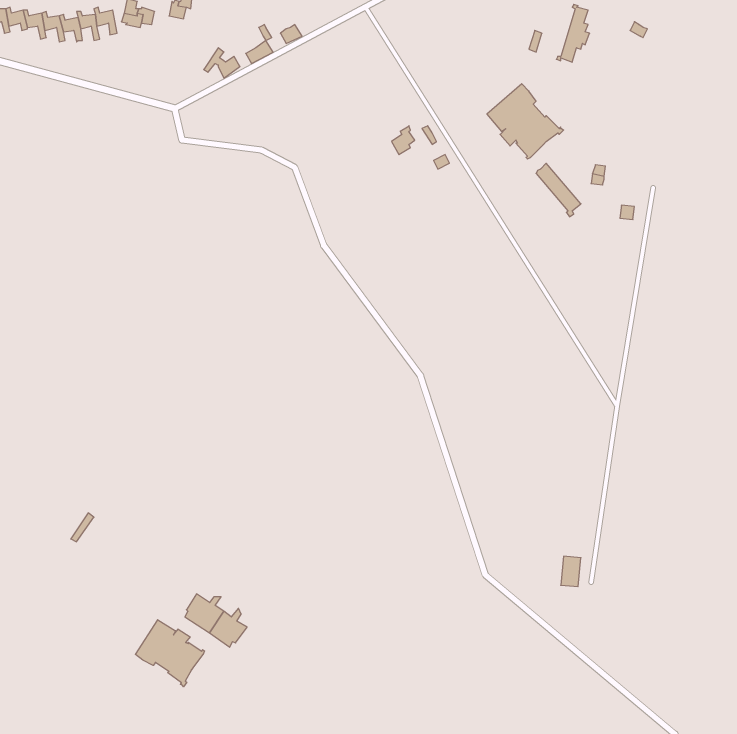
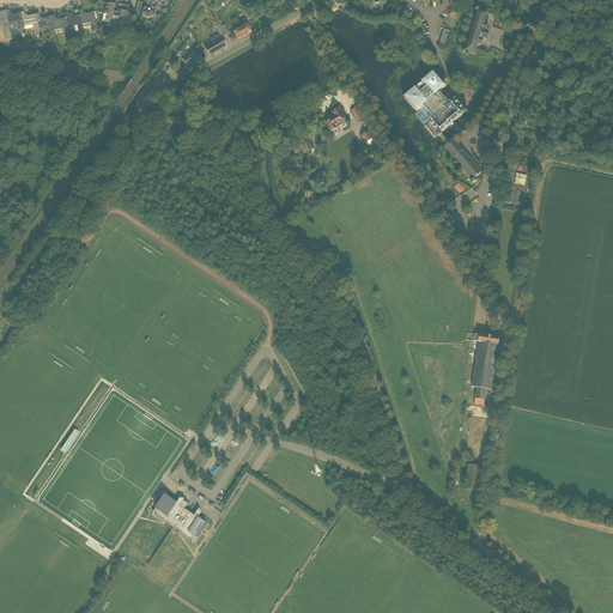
building: none -> [471,330,498,402]
building: [135,620,204,687] -> none

